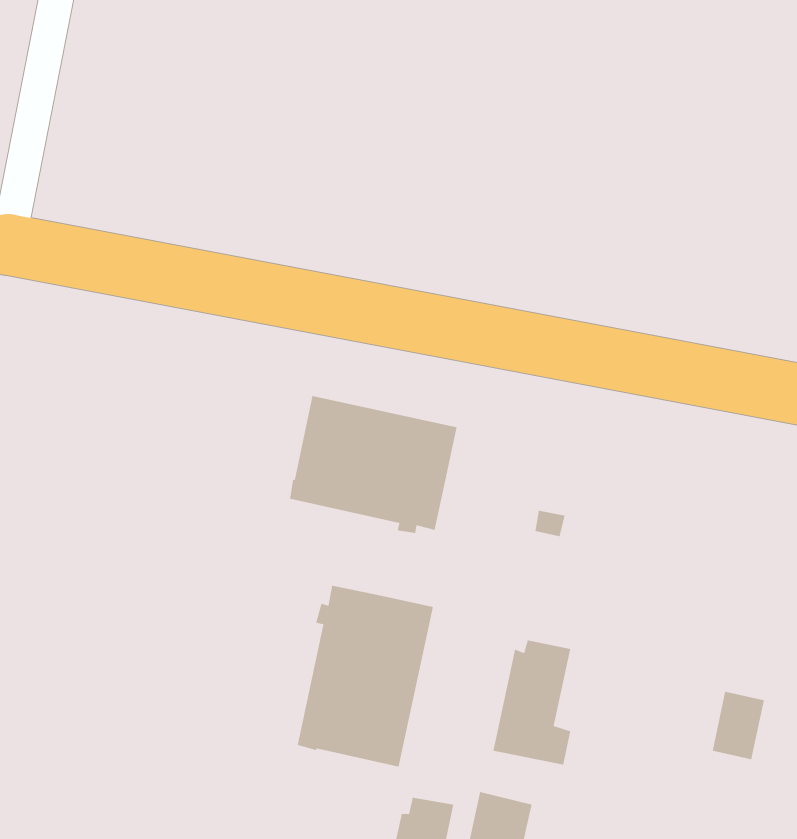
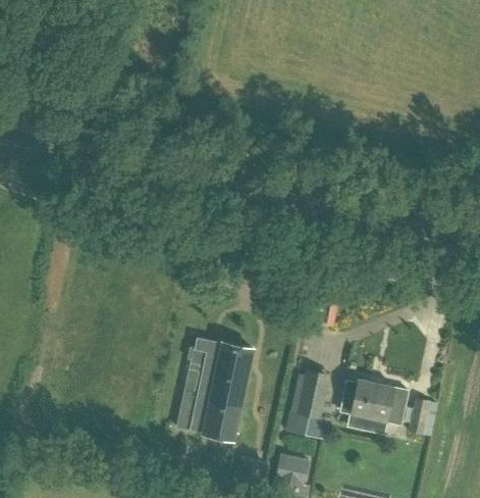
building: [289,395,458,534] -> none
building: none -> [339,379,408,435]

